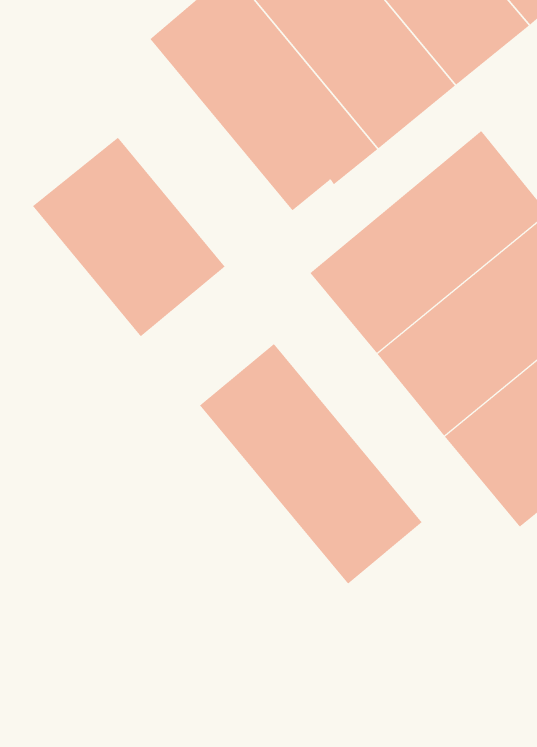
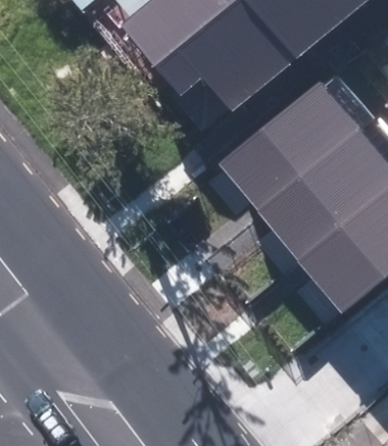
building: [32,137,225,337] -> none
building: [199,343,423,585] -> none

